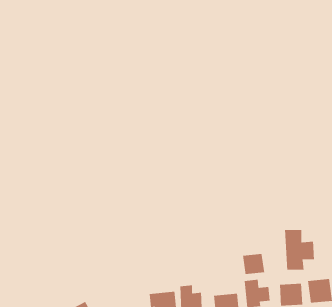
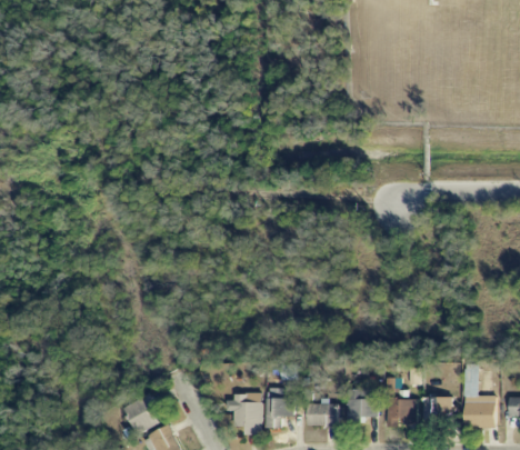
building: [285,229,315,270] -> none
building: [242,253,265,275] -> none

